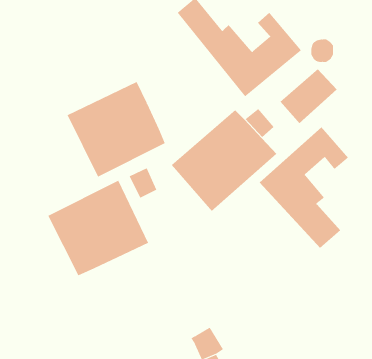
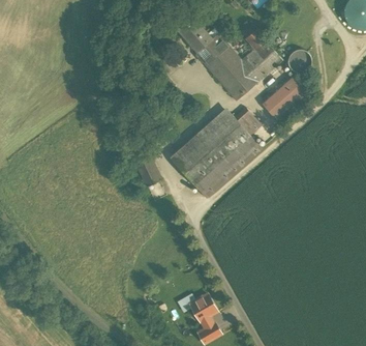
building: [67,81,166,177] -> none
building: [259,126,349,249] -> none
building: [48,180,149,276] -> none

